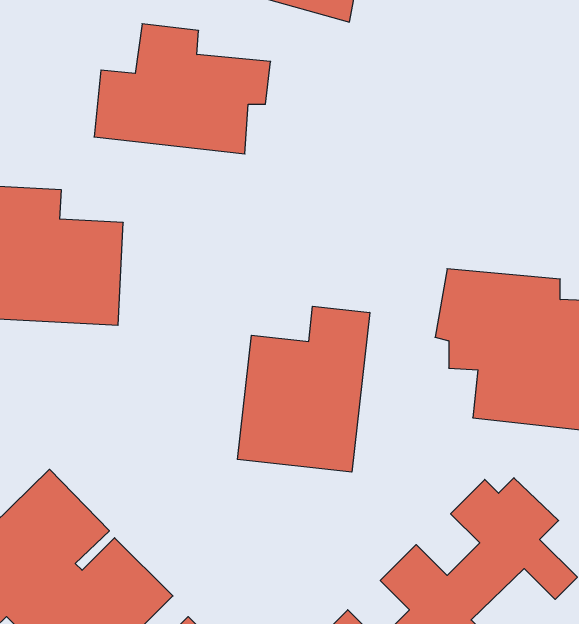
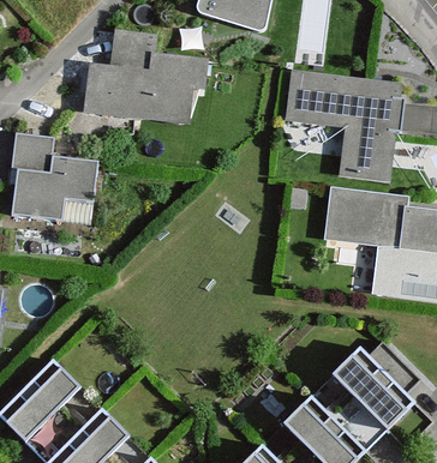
building: none -> [285,74,415,192]
building: [237,306,370,472] -> none

